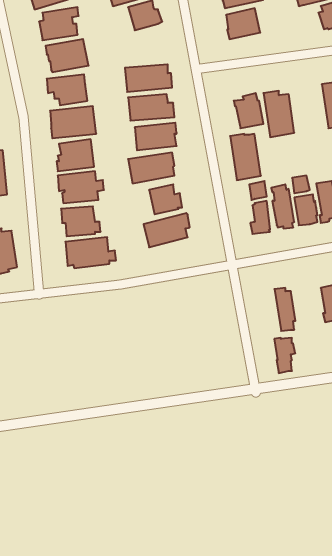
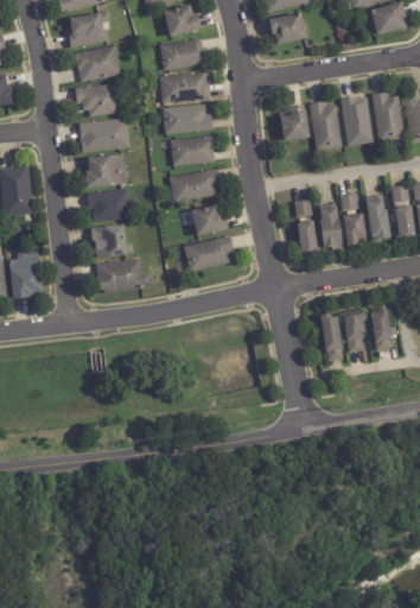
building: none -> [159,38,206,70]
building: [230,134,261,180] -> [341,96,374,146]
building: [274,338,295,373] -> [344,315,367,353]

